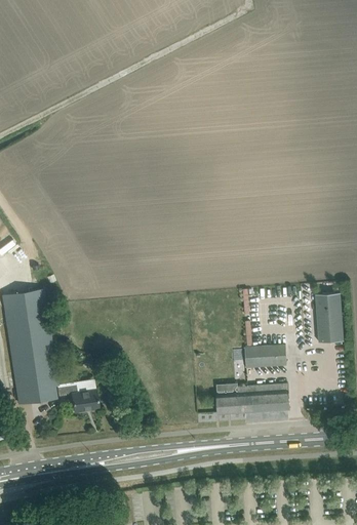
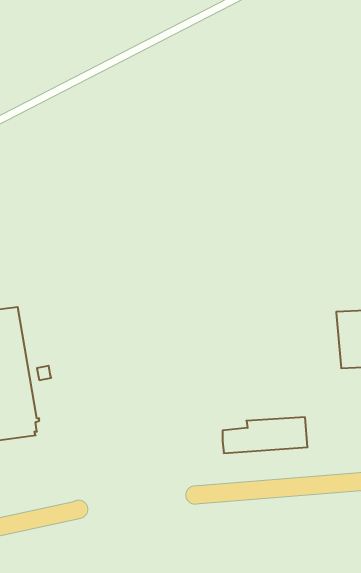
building: [234,338,286,371] -> none
building: [56,378,98,412] -> none

